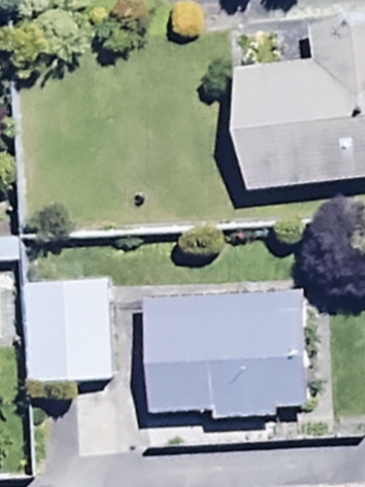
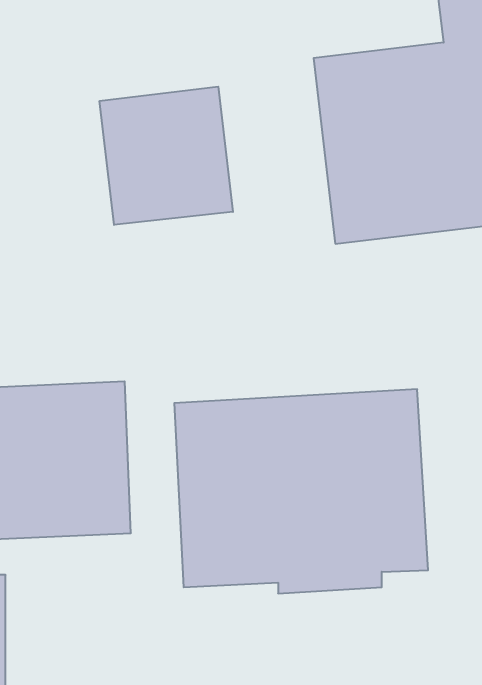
building: none -> [100,87,233,225]

